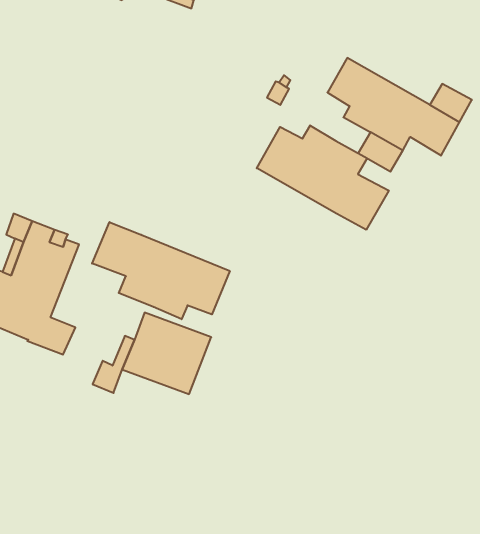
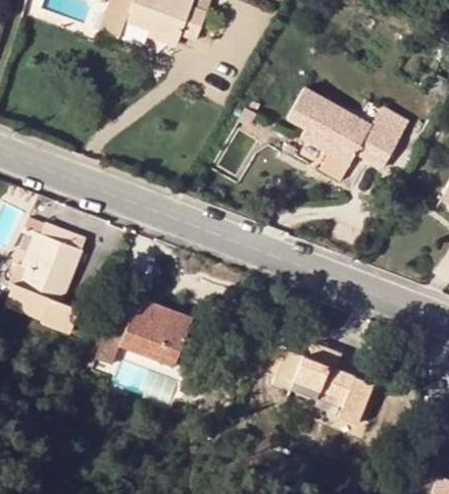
building: [257,125,389,230] -> none
building: [92,222,230,319] -> none
building: none -> [273,342,375,424]

